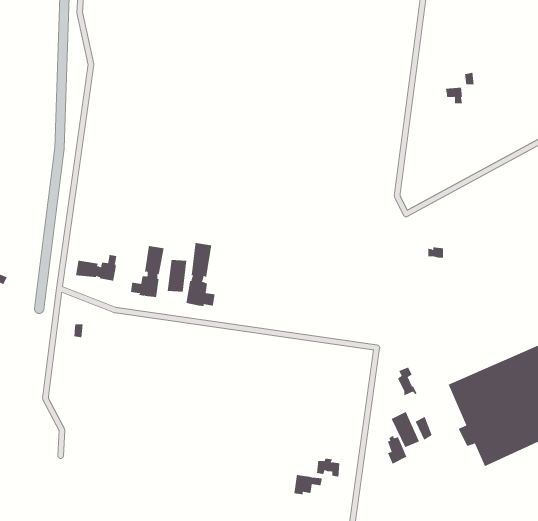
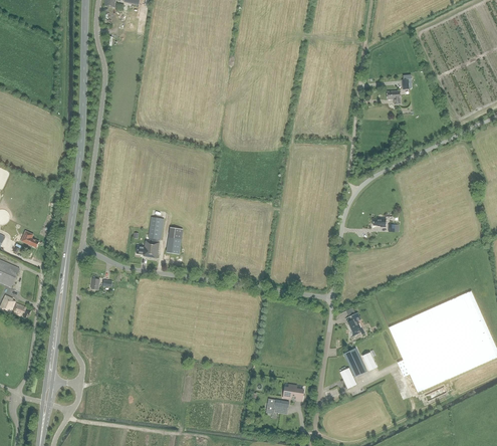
building: [186,242,215,307] -> none
building: [76,254,117,282] -> none

